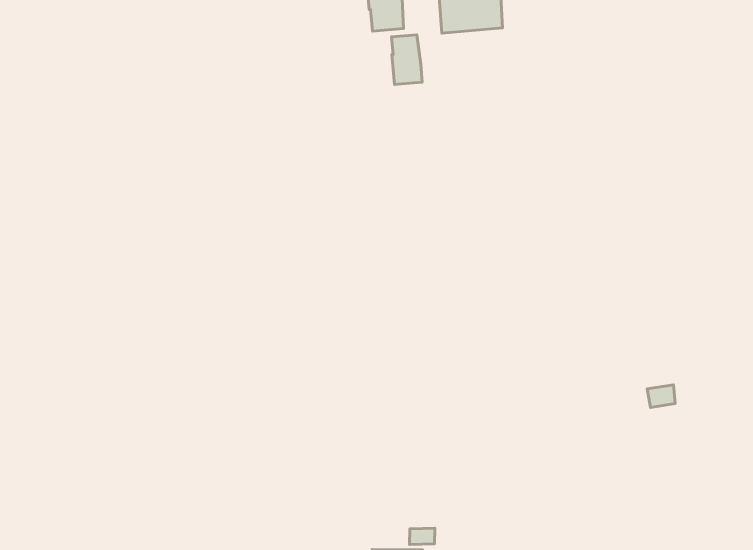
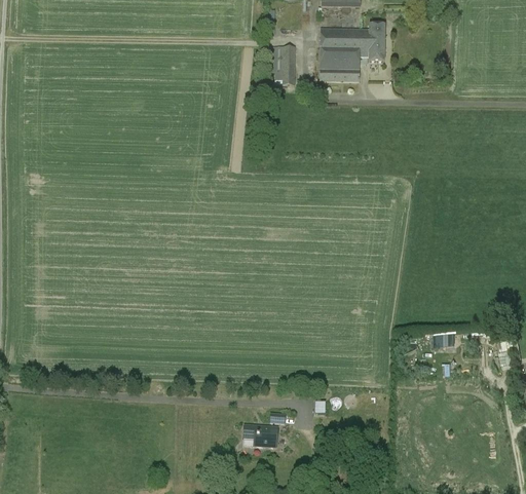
building: [392,35,422,85] -> none

